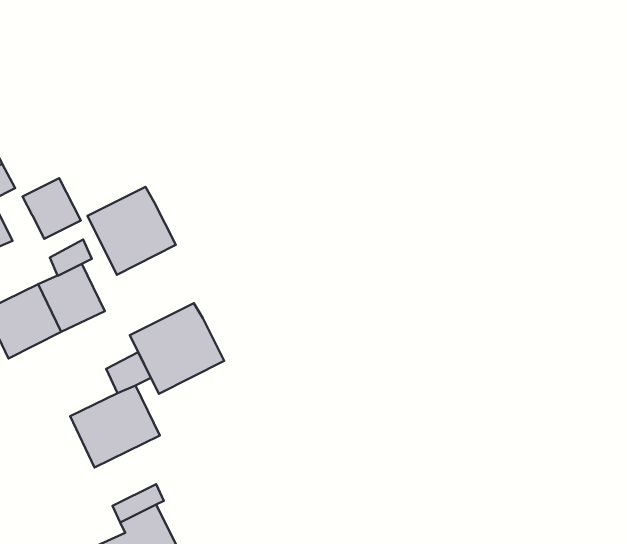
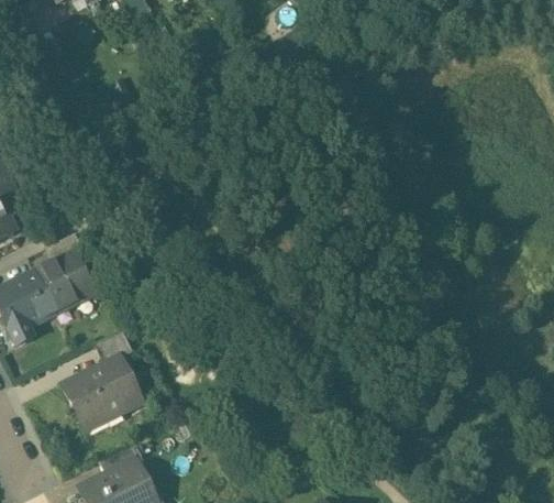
building: [22,178,81,239] -> none
building: [87,187,176,275] -> none
building: [130,303,224,394] -> none

